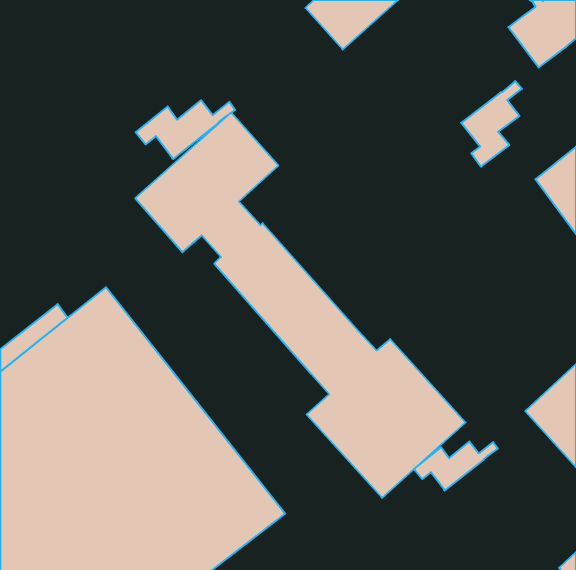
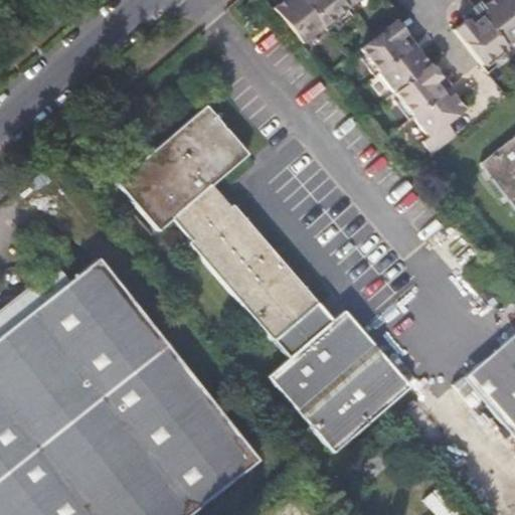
building: none -> [359,20,447,115]
building: [136,100,235,159] -> none
building: [414,441,498,491] -> none

